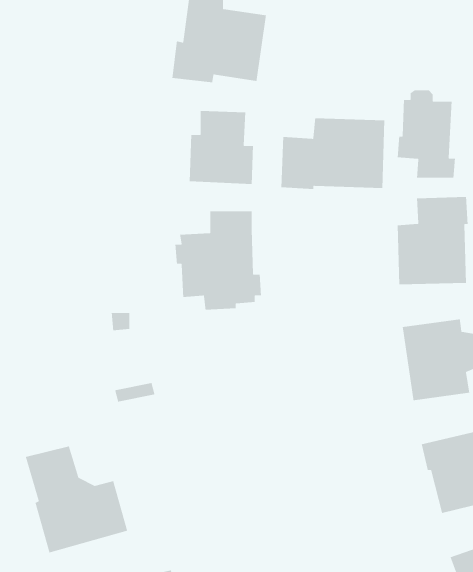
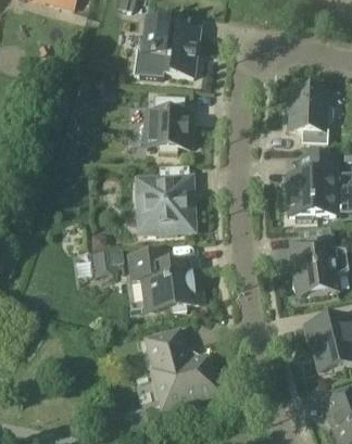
building: [281,117,385,190] -> none
building: none -> [92,248,124,276]
building: none -> [128,251,200,309]
building: [25,445,128,553] -> [148,331,218,405]

